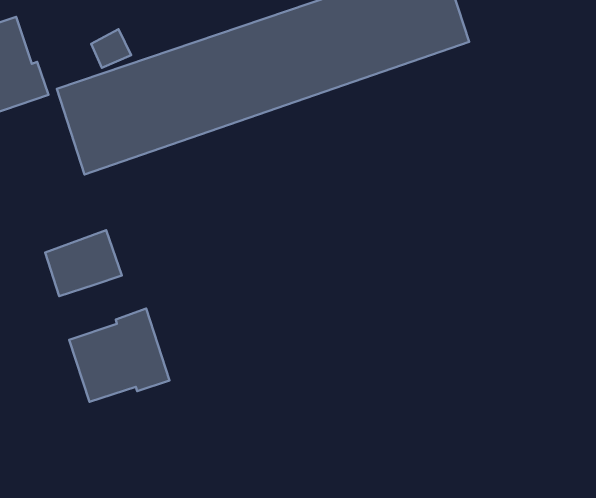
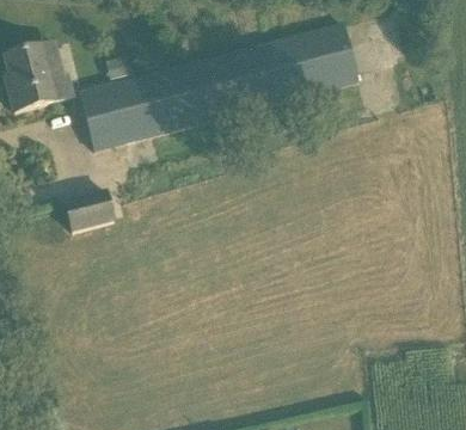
building: [69,308,170,402] -> none

